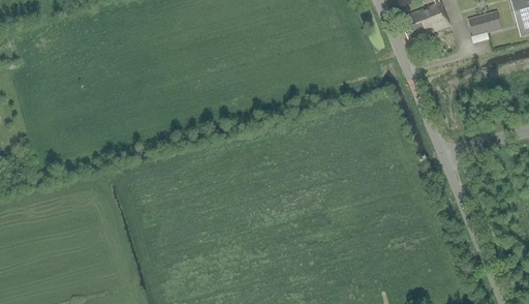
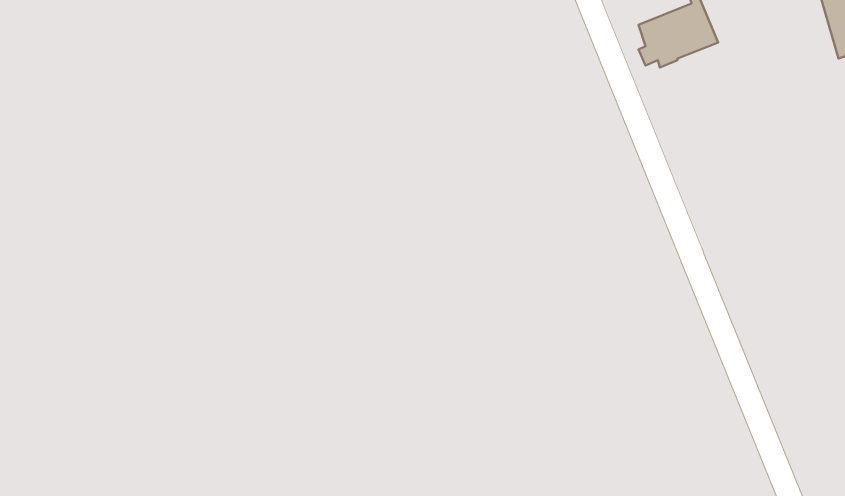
building: [468,10,502,36] -> none

